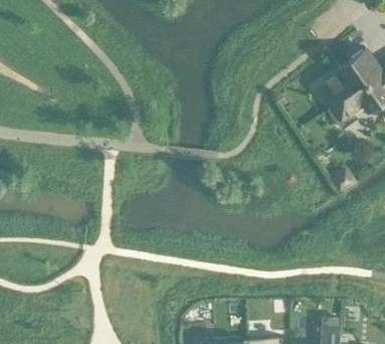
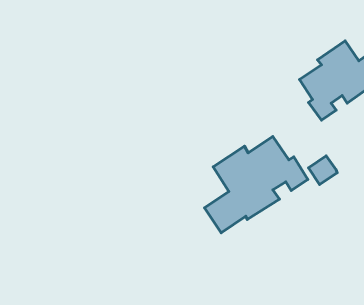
building: none -> [204,136,308,233]

